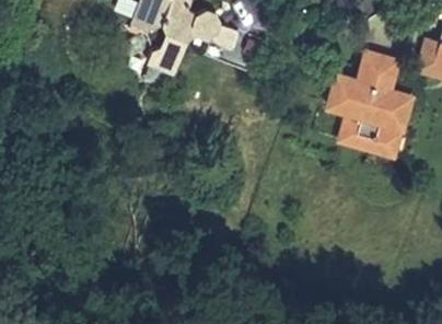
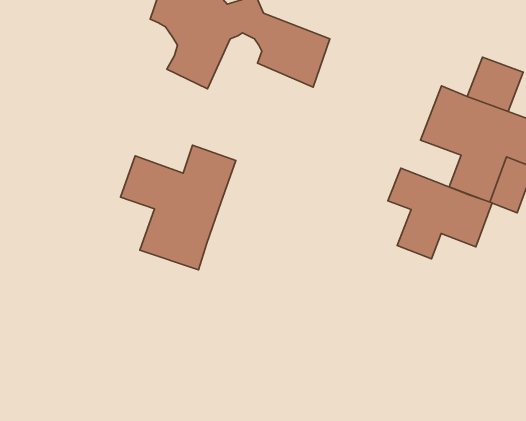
building: none -> [120,145,236,270]
building: none -> [388,168,492,259]

